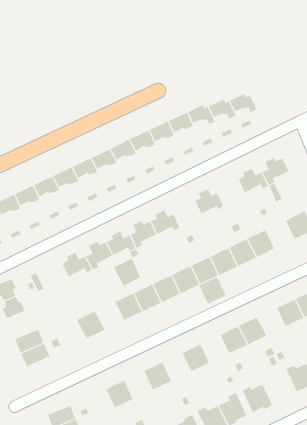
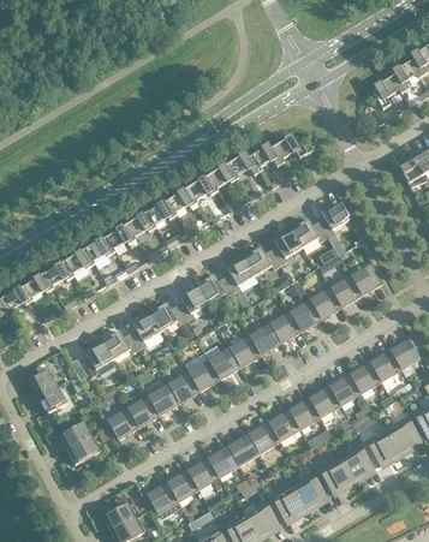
building: none -> [272,232,302,264]
building: none -> [225,260,255,293]
building: none -> [329,274,362,306]
building: [113,258,141,286] -> [147,382,179,415]
building: none -> [83,344,117,377]
building: [199,276,227,304] -> [268,409,300,441]
building: none -> [328,373,361,405]
building: none -> [106,406,139,439]
building: none -> [227,433,260,465]
building: none -> [186,457,224,489]
building: none -> [341,443,375,482]
building: none -> [145,481,178,513]

